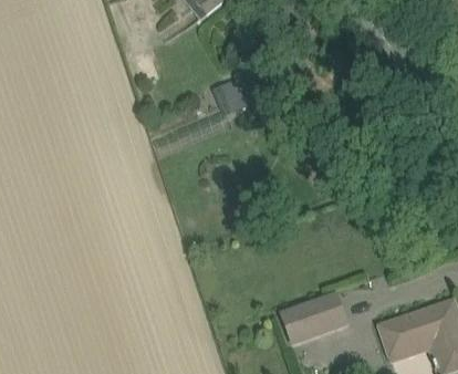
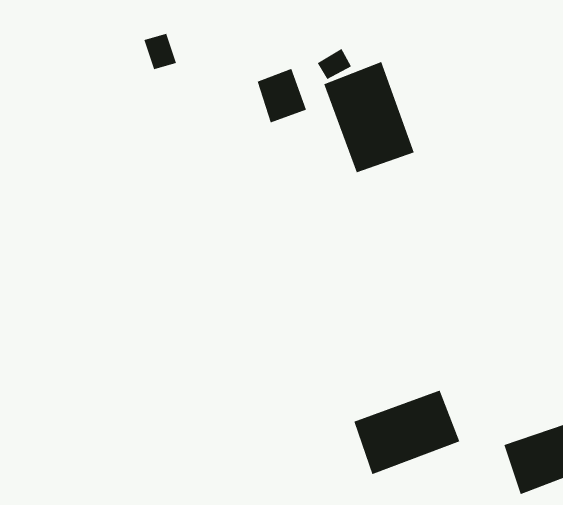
building: none -> [323,61,414,173]

